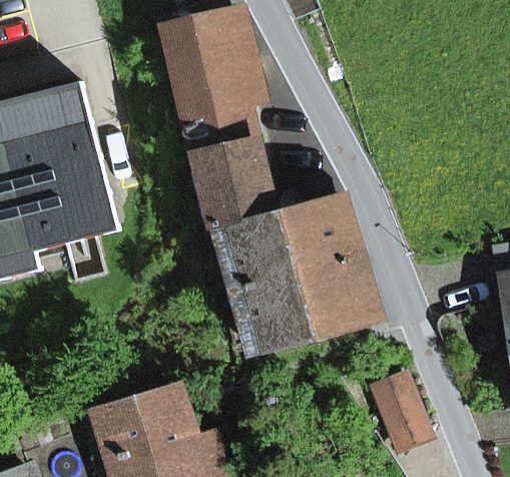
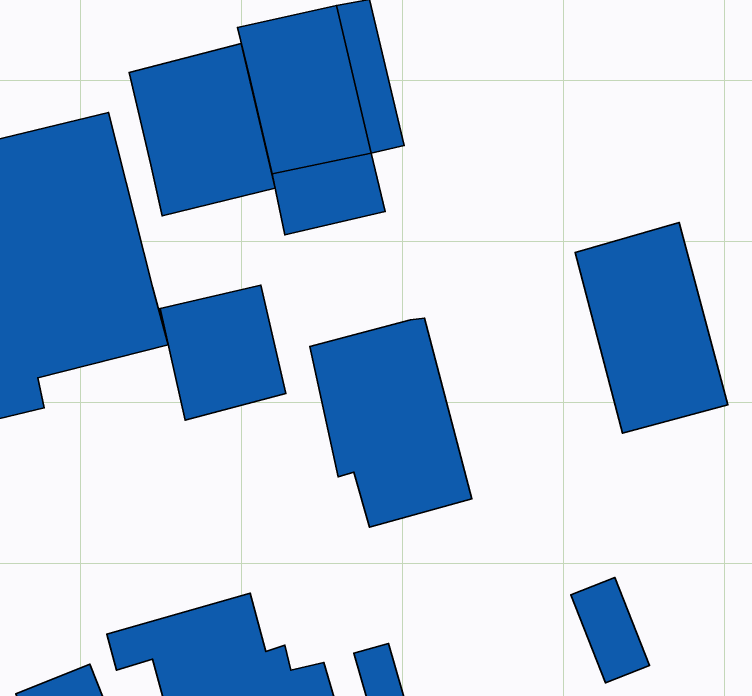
building: none -> [129,43,275,216]
building: [192,145,273,231] -> [160,285,286,420]
building: [282,194,379,329] -> [575,222,728,433]

